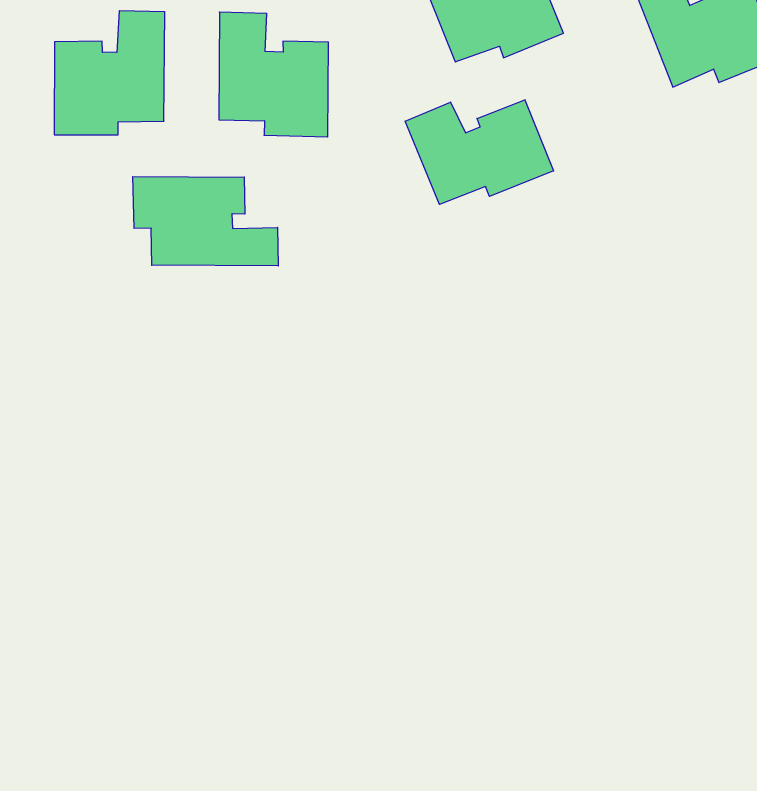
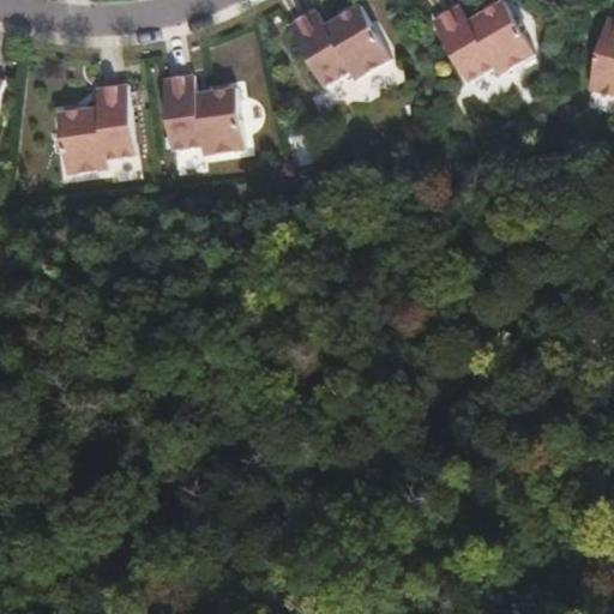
building: [405,100,554,204] -> none
building: [133,177,278,266] -> none

